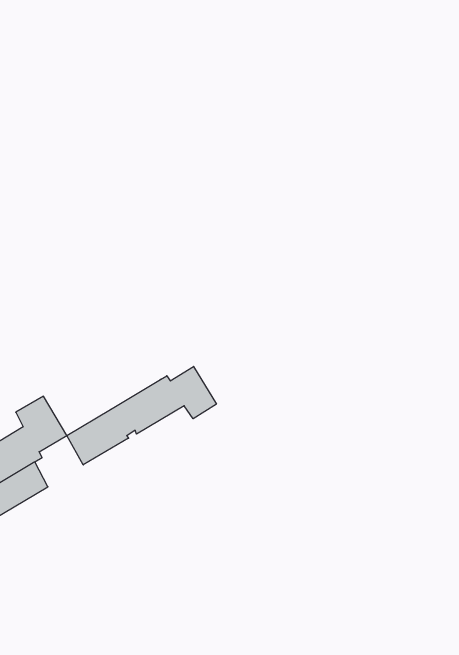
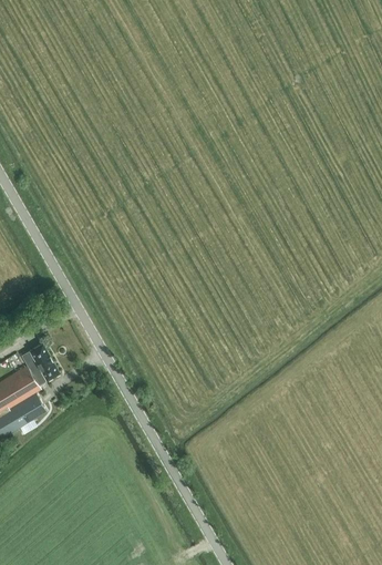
building: [67,366,216,465] -> none

